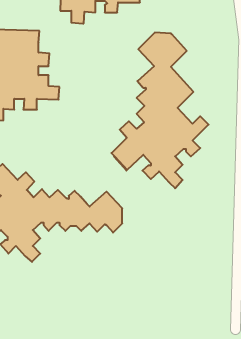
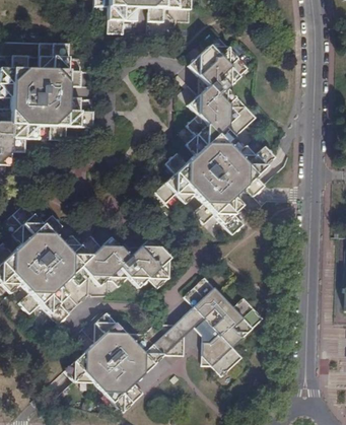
building: none -> [66,277,262,413]

